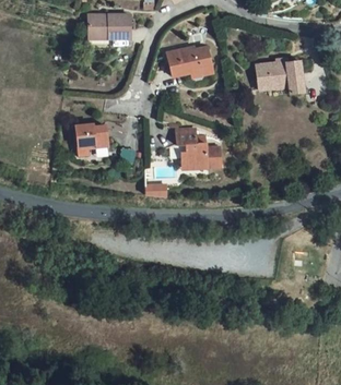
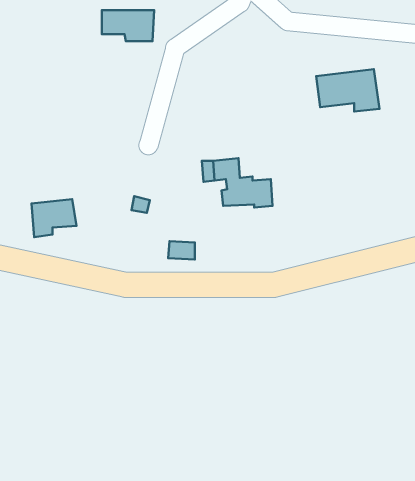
building: [165,45,212,76] -> none
building: [73,123,108,153] -> [31,199,76,237]

